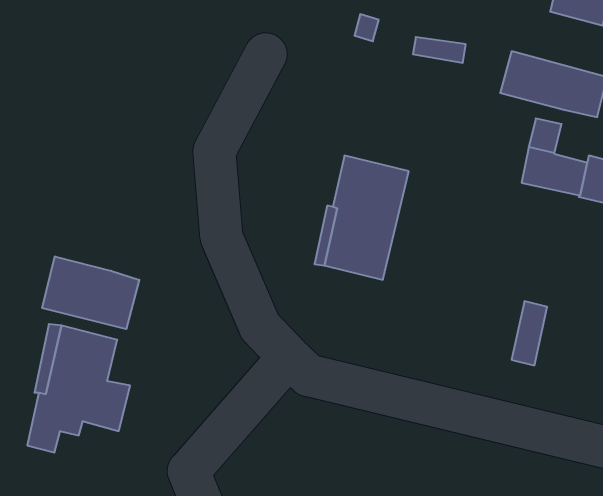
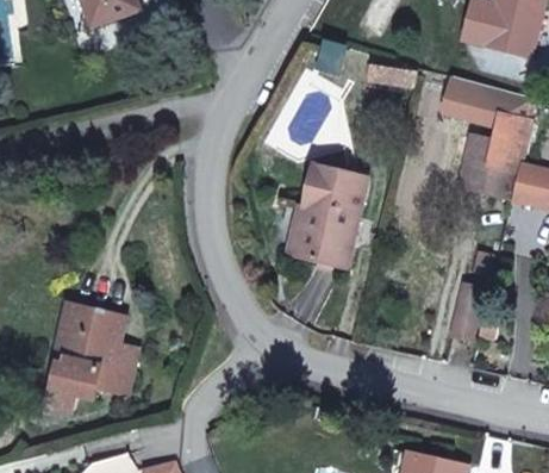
building: none -> [487,125,523,169]
building: [42,256,139,329] -> none

